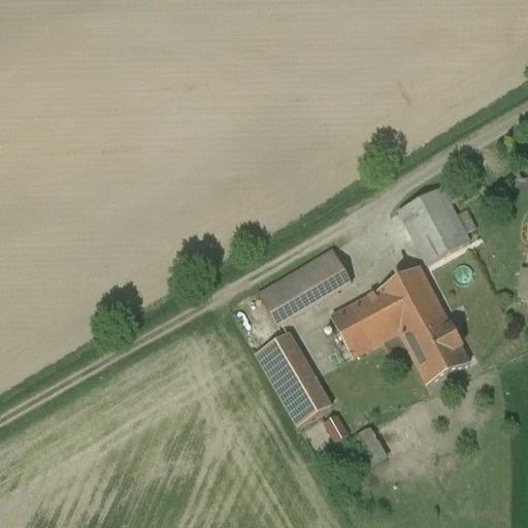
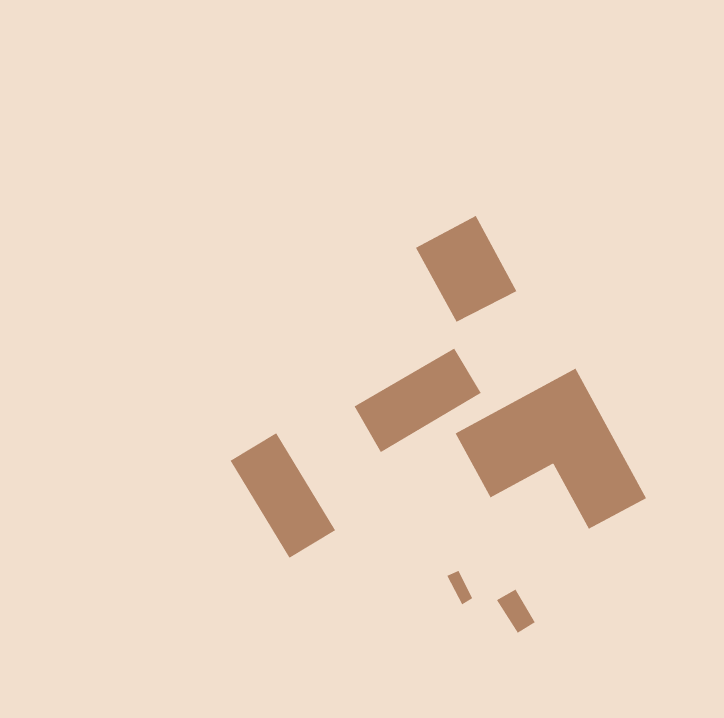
building: [395,184,469,262] -> [415,215,518,323]
building: [257,329,334,421] -> [229,432,336,559]

